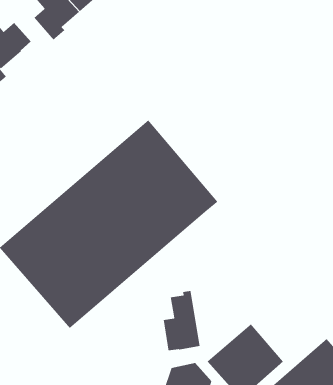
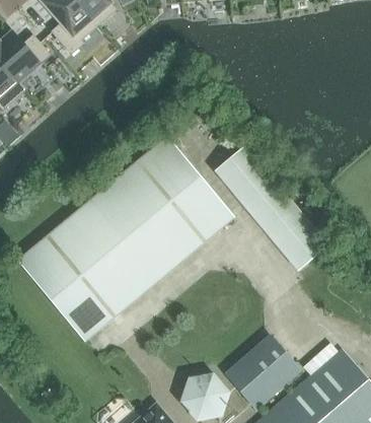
building: none -> [215,144,328,268]
building: [163,290,200,351] -> none

